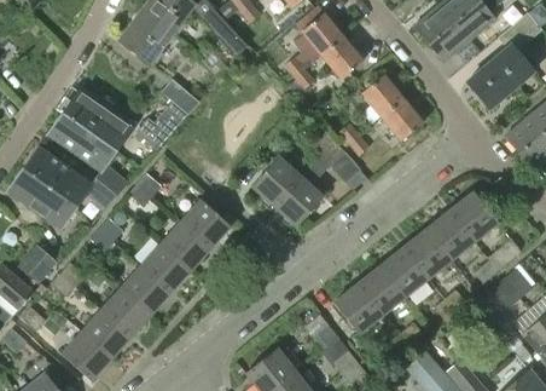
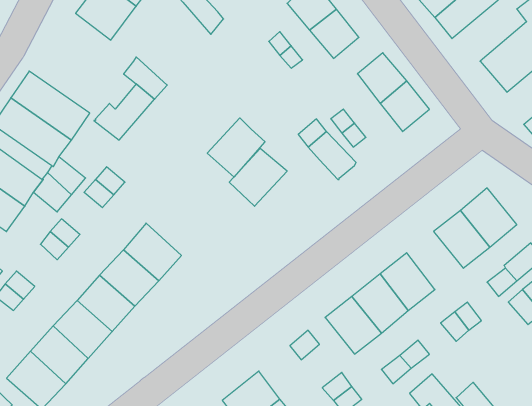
building: [273,176,323,226] -> [207,118,265,177]
building: [180,199,231,248] -> none
building: [403,228,452,277] -> none

